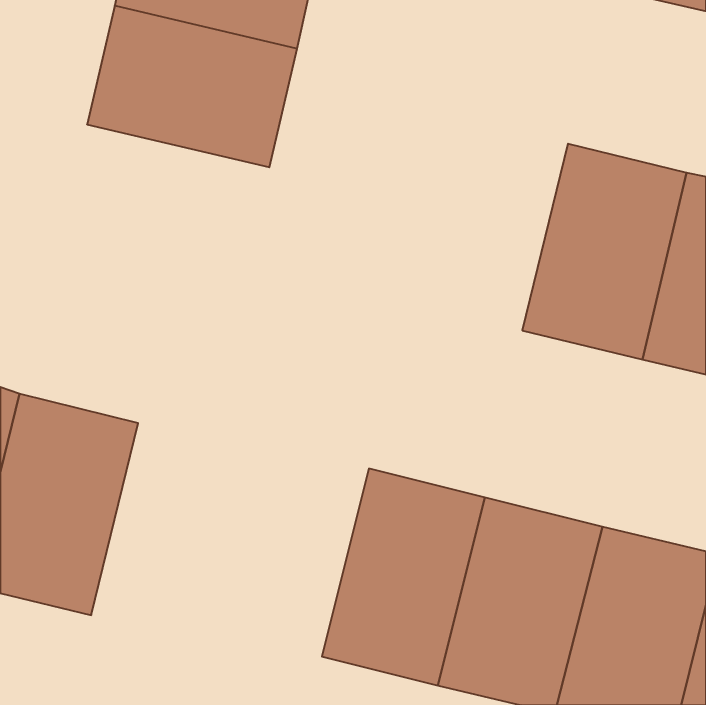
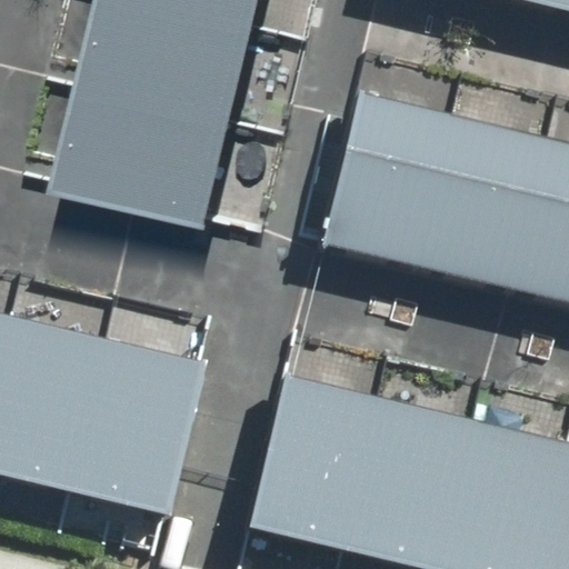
building: none -> [325,92,457,266]
building: none -> [48,100,217,230]
building: none -> [73,340,208,519]

